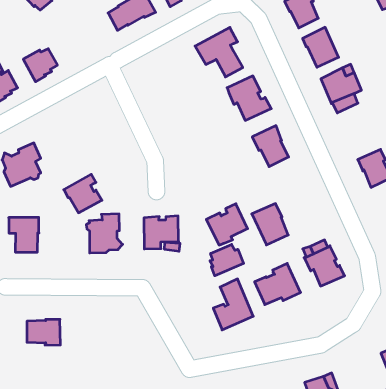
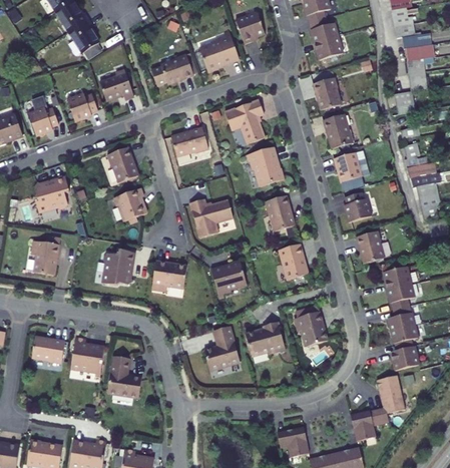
building: none -> [99,69,133,101]
building: none -> [170,126,207,155]
building: none -> [107,147,138,183]
building: none -> [342,192,368,222]
building: none -> [189,197,233,237]
building: [64,174,102,213] -> [114,188,147,221]
building: [252,204,288,245] -> [278,244,308,280]
building: [210,244,244,276] -> none
building: none -> [70,336,104,372]
building: none -> [107,355,141,397]

